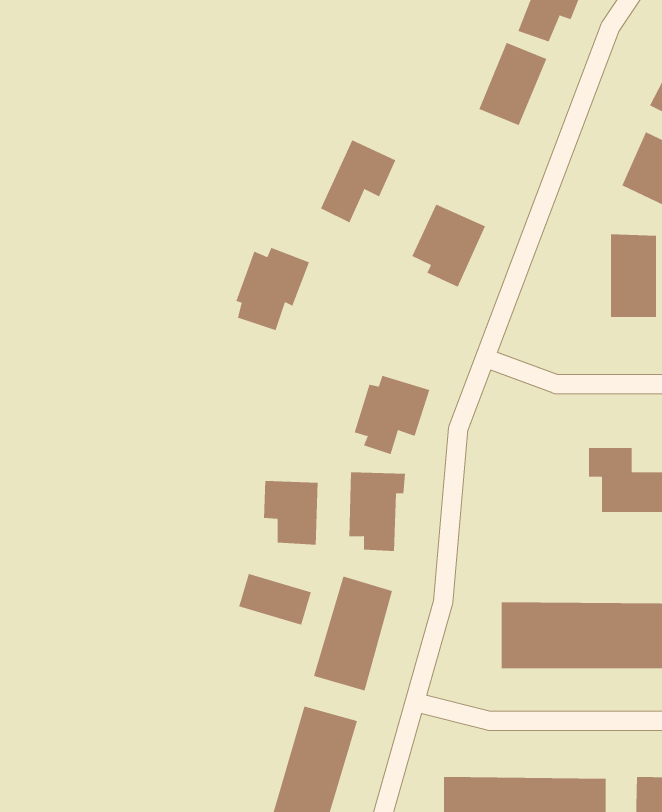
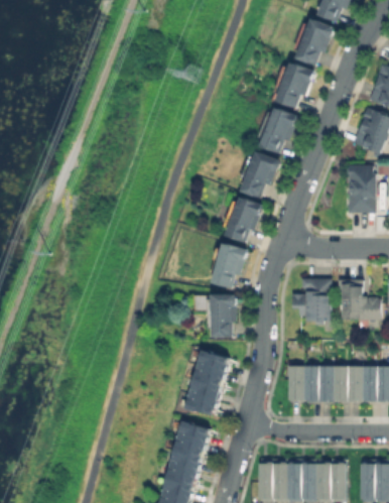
building: [320,140,396,223] -> [264,110,305,155]
building: [235,247,310,331] -> [225,197,265,242]
building: none -> [292,278,332,322]
building: [263,480,318,546] -> none
building: [238,573,312,625] -> none

